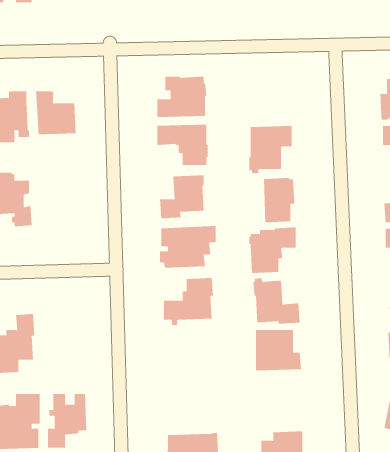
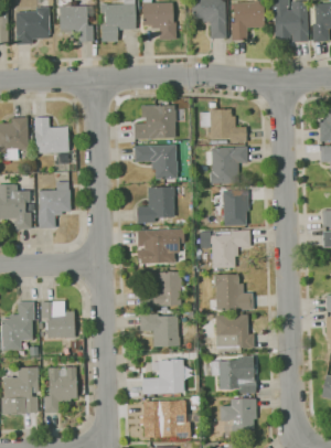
building: none -> [200,108,246,142]
building: none -> [39,181,71,228]
building: none -> [41,301,75,338]
building: none -> [140,313,180,346]
building: none -> [212,356,255,394]
building: none -> [142,360,184,394]

